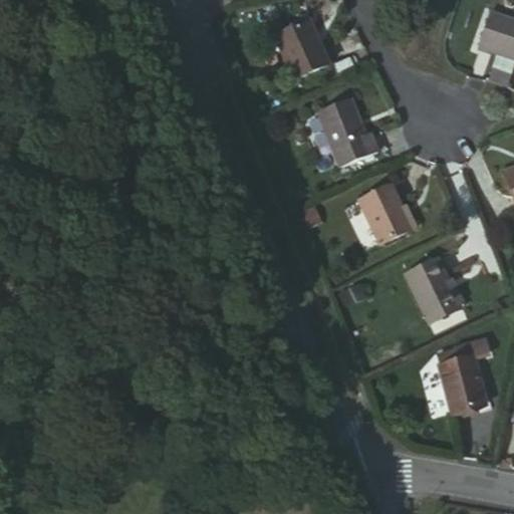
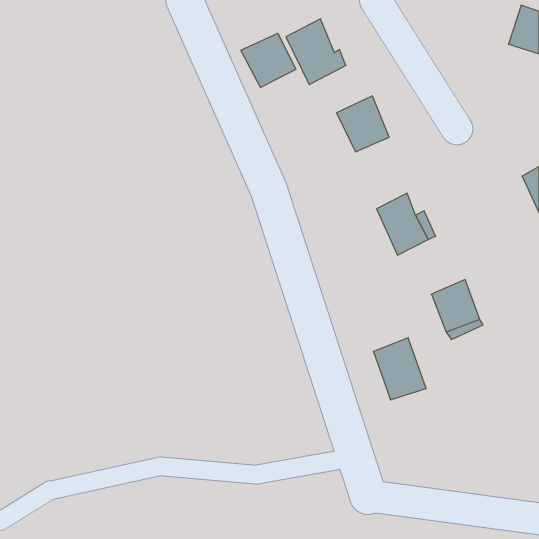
building: none -> [241,33,296,88]
building: [338,126,386,165] -> none
building: [439,354,489,414] -> [373,338,426,400]

